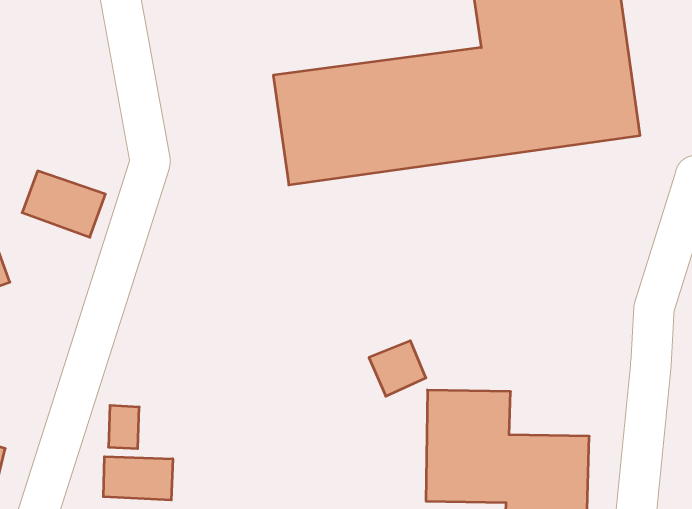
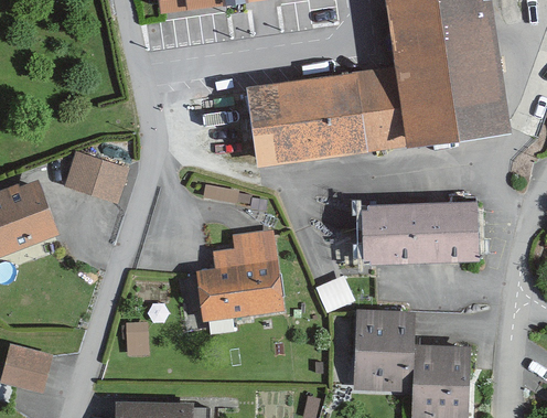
building: none -> [362,202,478,264]
building: none -> [196,233,283,322]
building: [103,457,173,500] -> none

